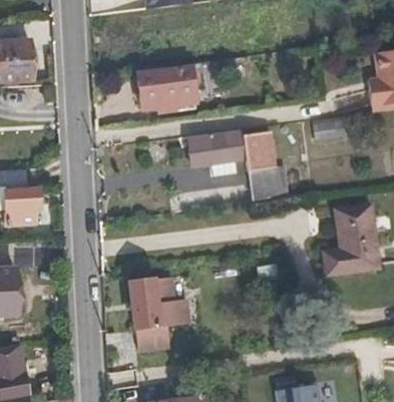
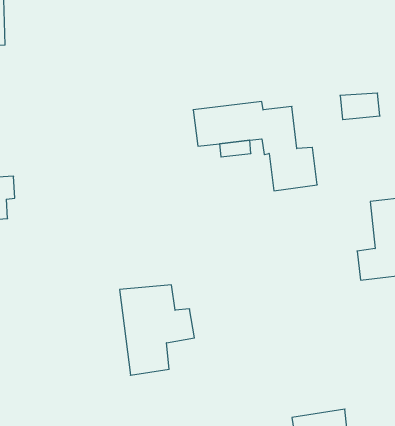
building: [138,65,195,107] -> none

